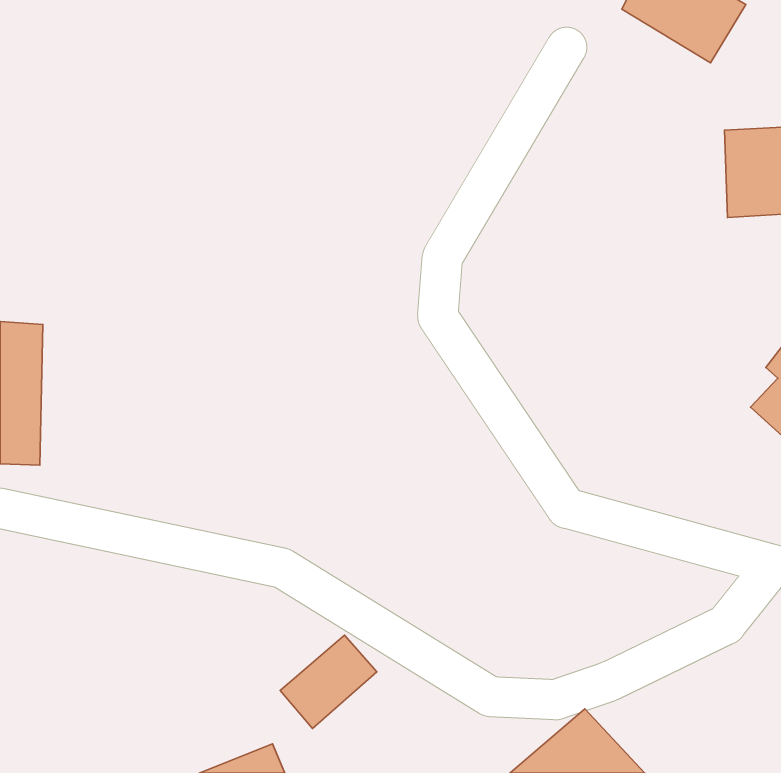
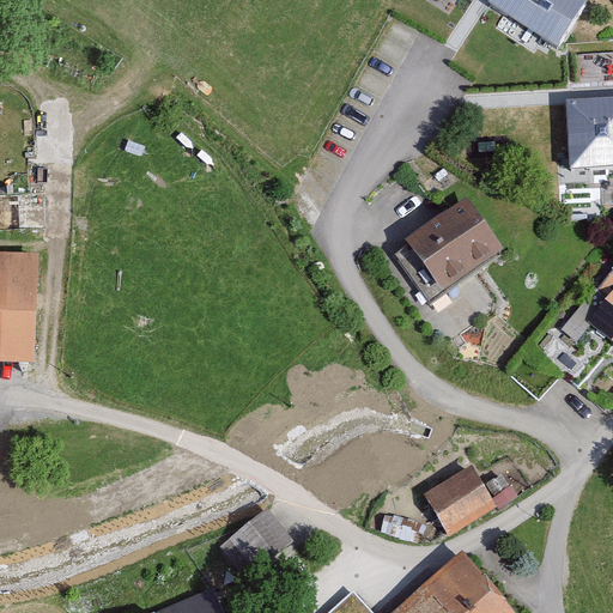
building: none -> [405,198,502,291]
building: none -> [423,466,494,536]

